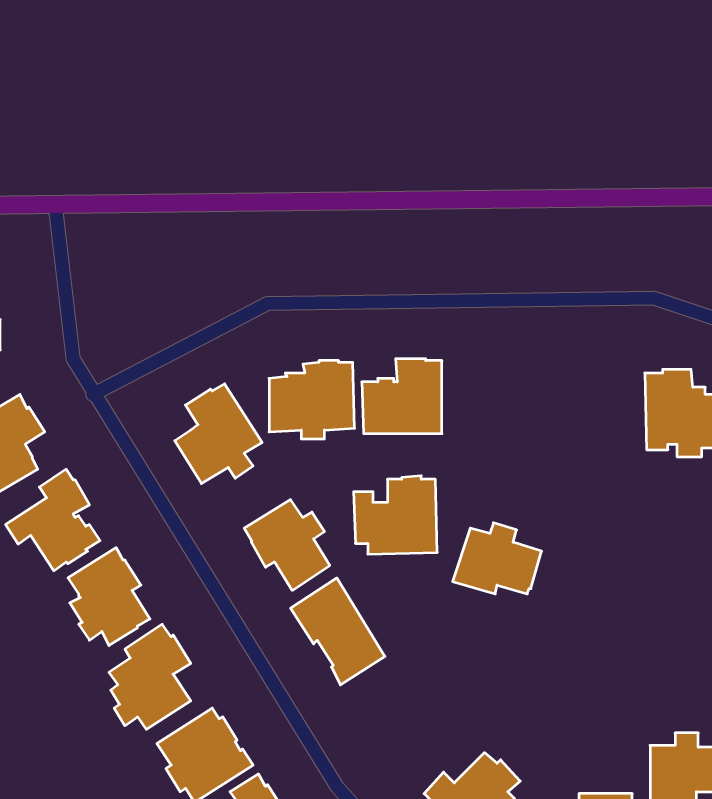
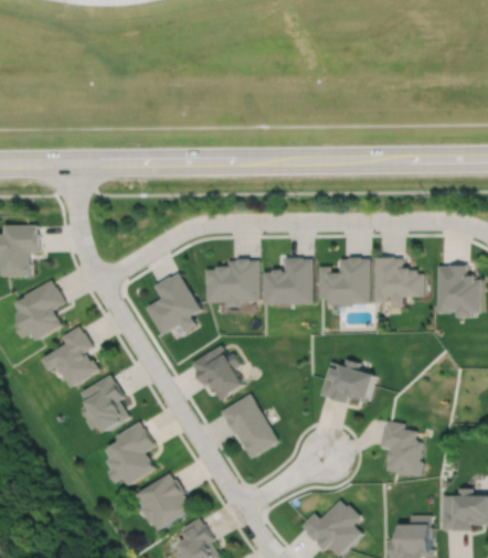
building: none -> [374,256,425,305]
building: [354,476,437,554] -> [318,256,370,304]
building: none -> [378,420,422,476]

